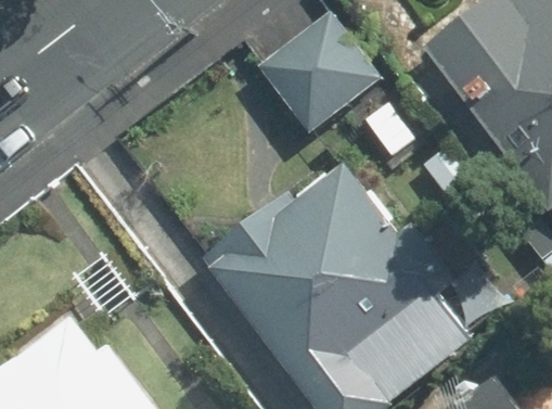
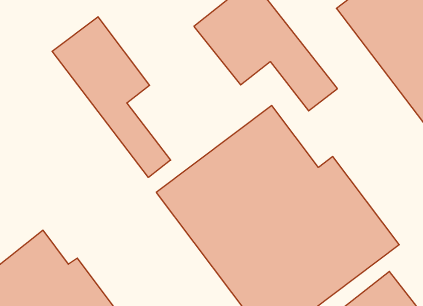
building: none -> [52,17,171,177]

